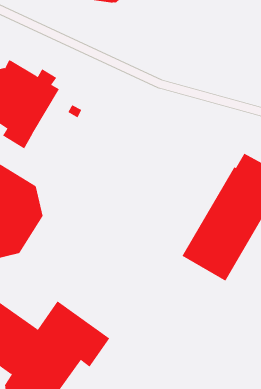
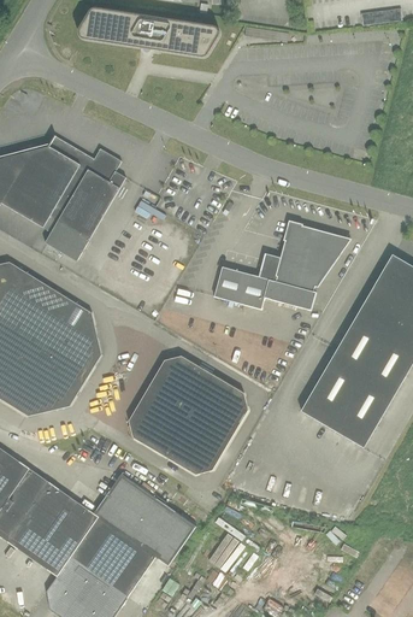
building: none -> [213,219,350,310]
building: none -> [129,355,248,474]

